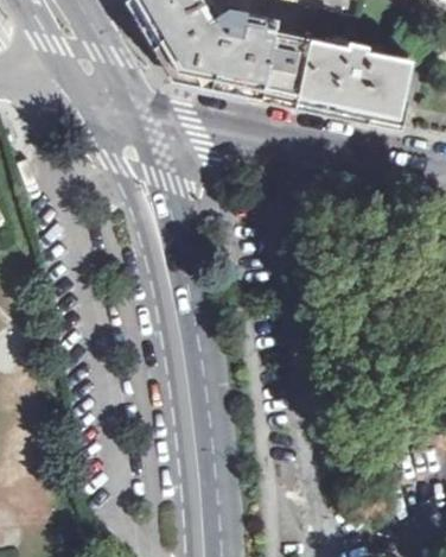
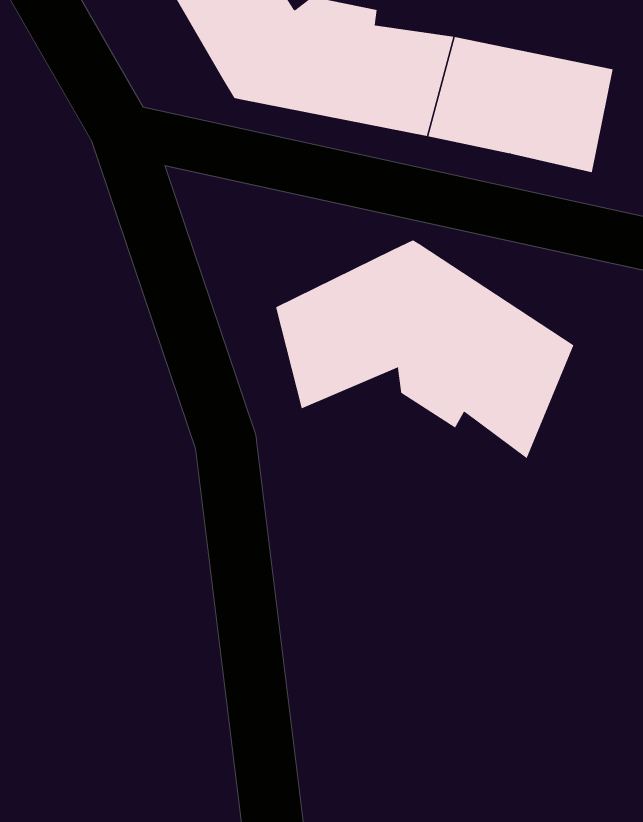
building: none -> [276,240,574,459]

